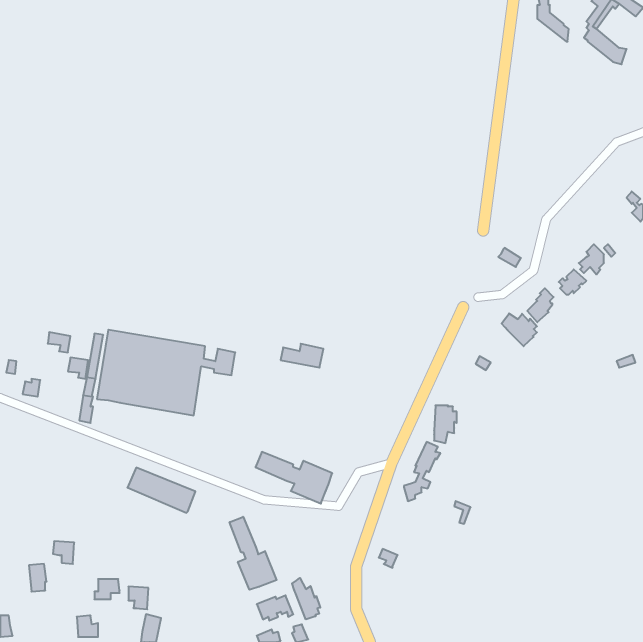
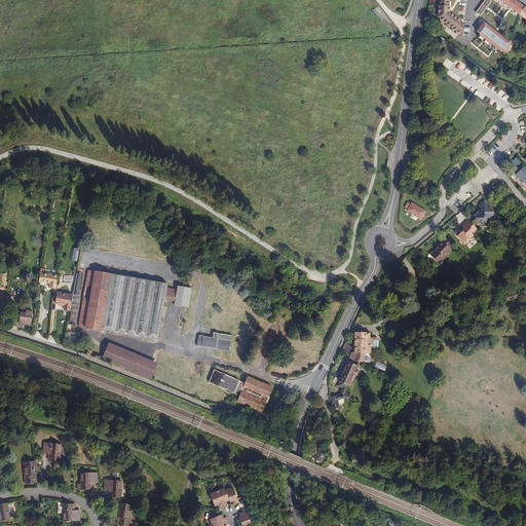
building: [502,313,537,346] -> none
building: [281,344,323,368] -> [197,331,232,350]
building: [127,468,195,513] -> [102,342,157,379]
building: [230,517,277,590] -> none
building: [292,578,320,619] -> none

